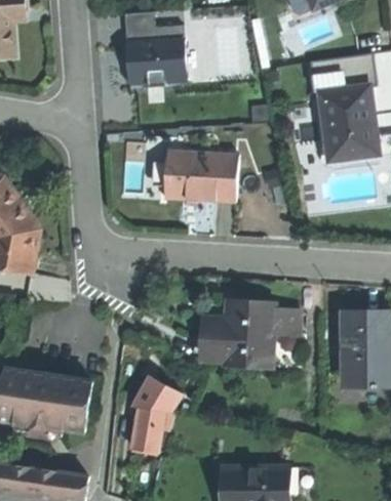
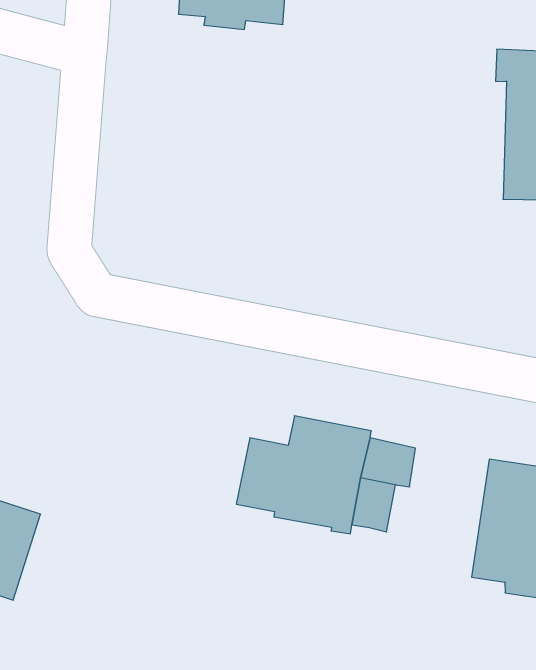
building: [164,151,236,206] -> none
building: [130,373,183,451] -> none

